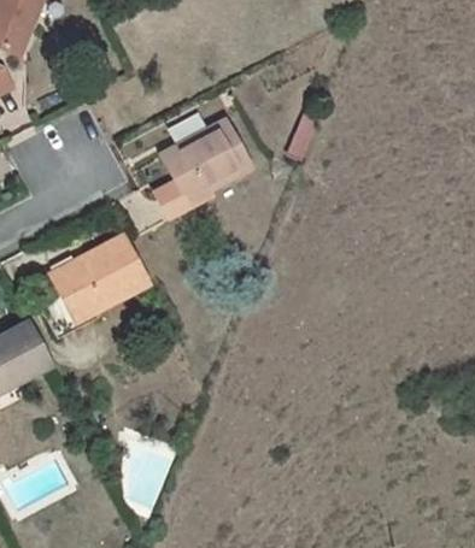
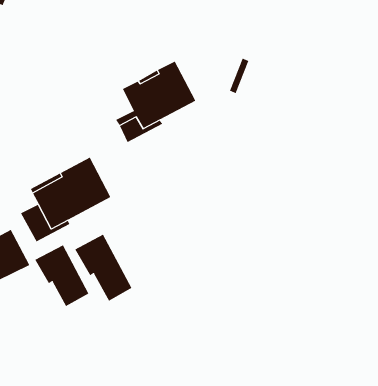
building: none -> [75,234,132,301]
building: none -> [35,245,89,307]

